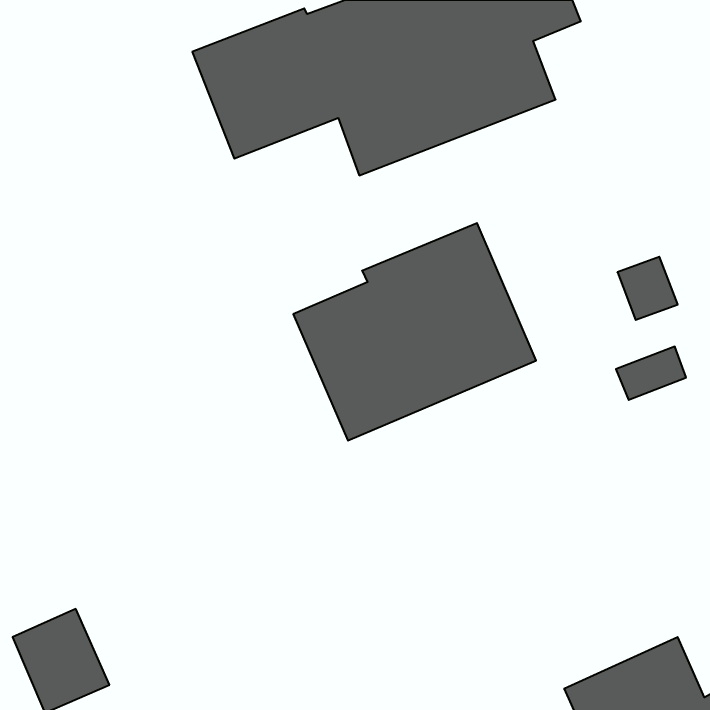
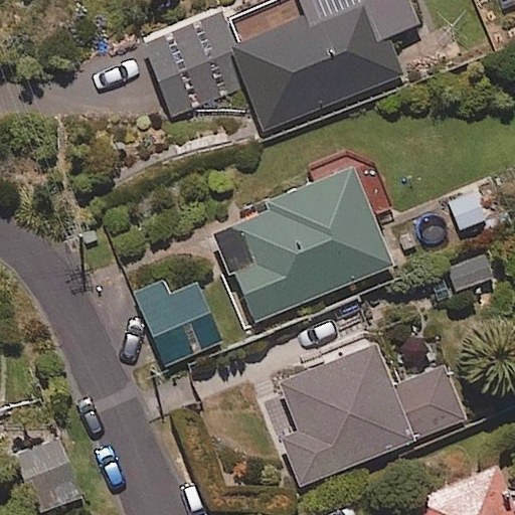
building: none -> [139,282,221,367]
building: none -> [280,342,468,485]

